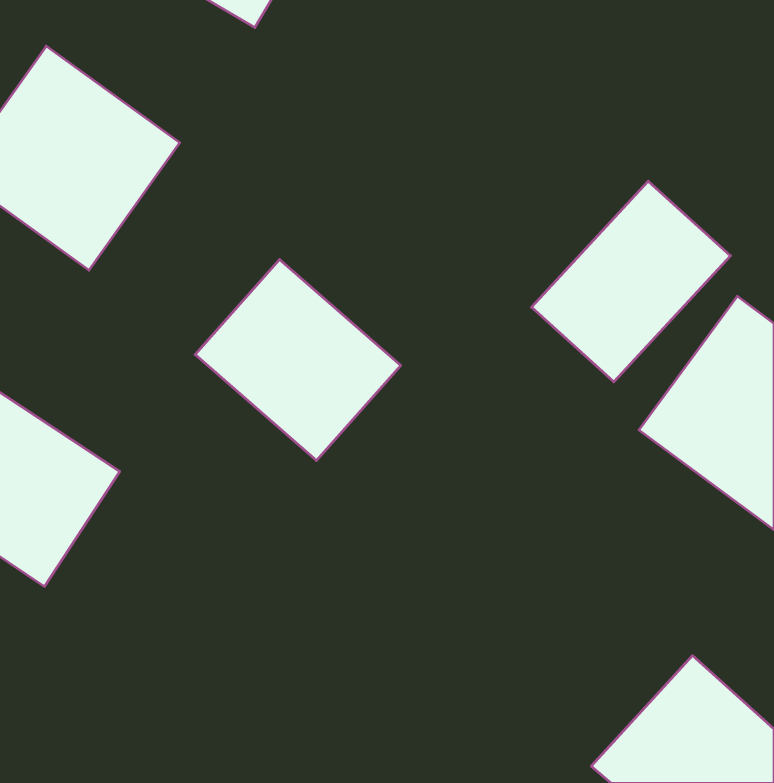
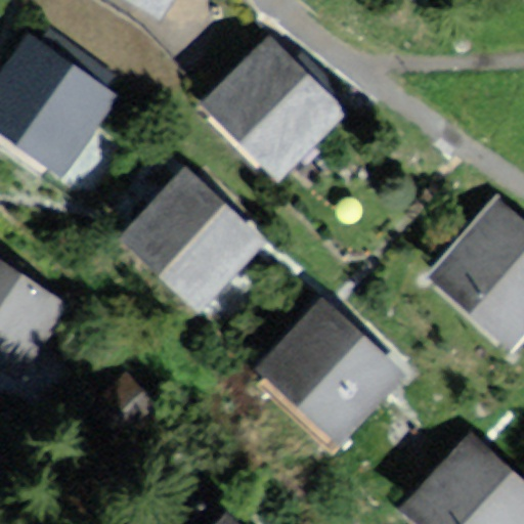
building: none -> [205,32,357,182]
building: [531,181,731,382] -> none
building: none -> [256,301,399,442]

